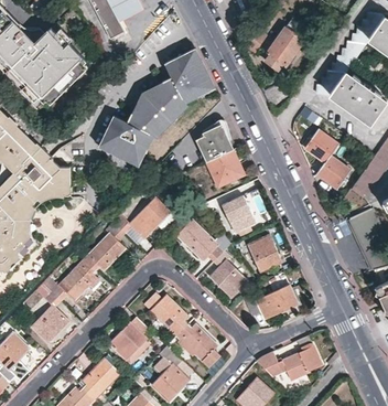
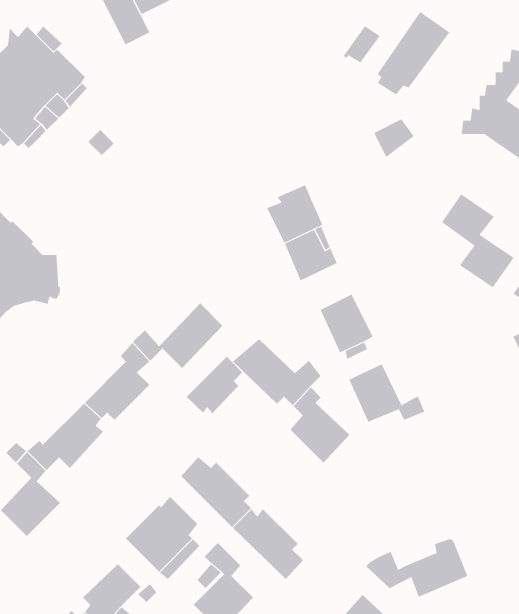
building: [98,49,215,167] -> none
building: none -> [186,356,243,414]
building: [246,286,298,319] -> none

